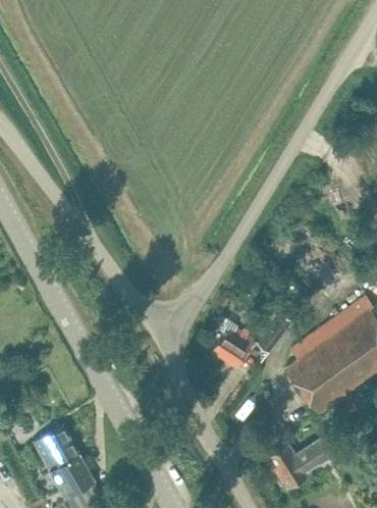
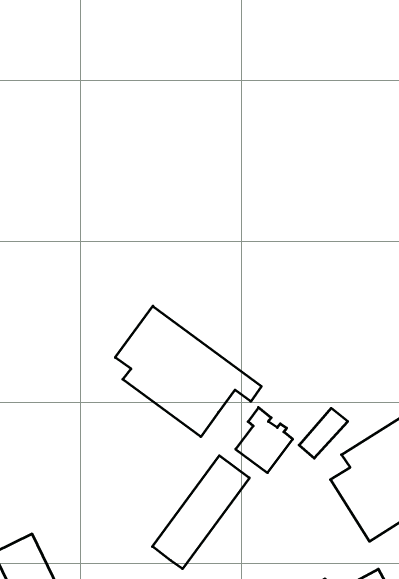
building: none -> [115,306,261,437]
building: none -> [152,456,249,569]

